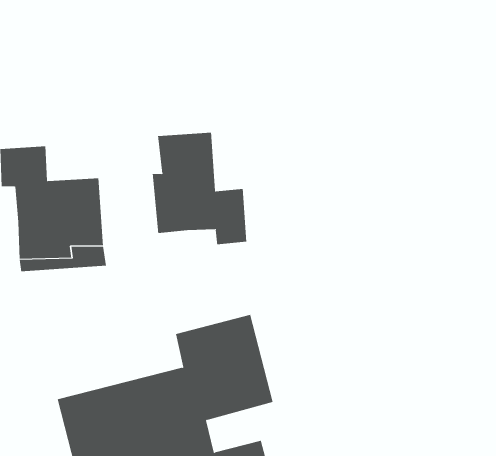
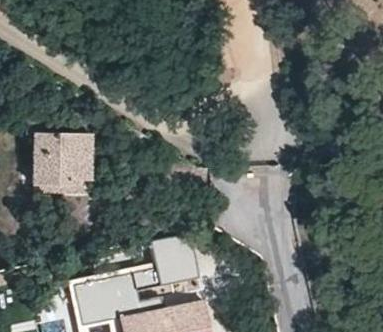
building: [152,132,247,245] -> none

